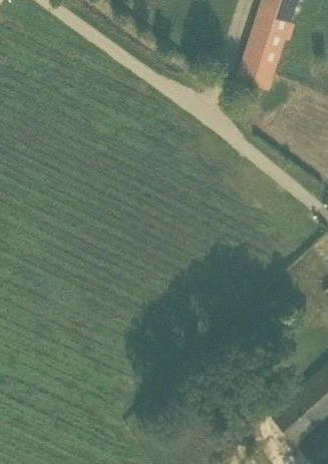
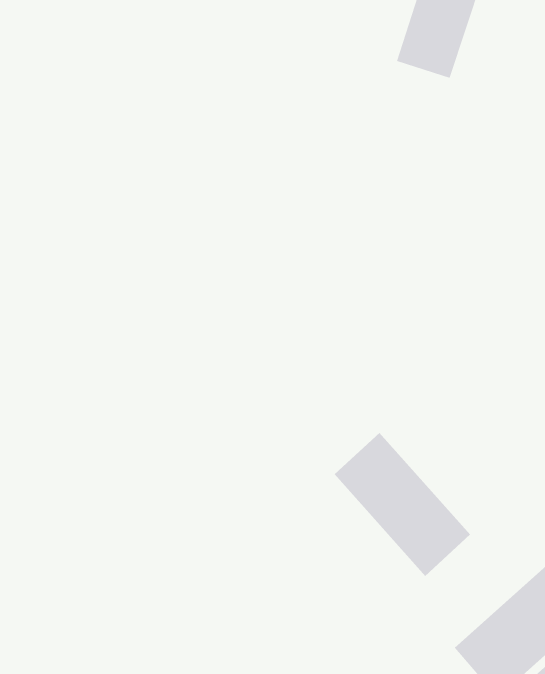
building: none -> [334,432,471,577]

